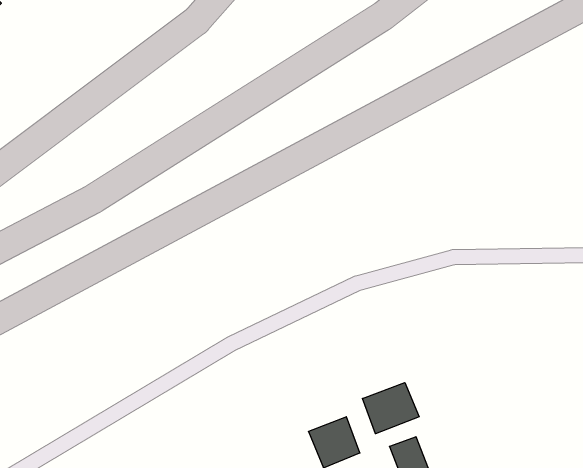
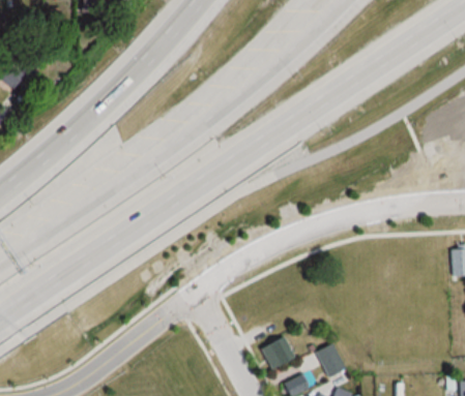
building: [362,383,419,434] -> none

